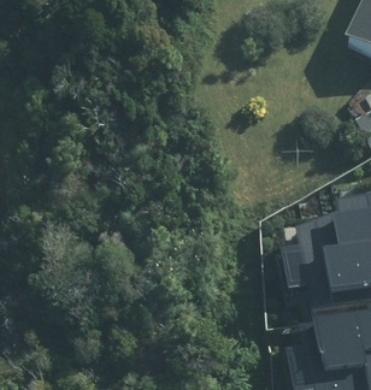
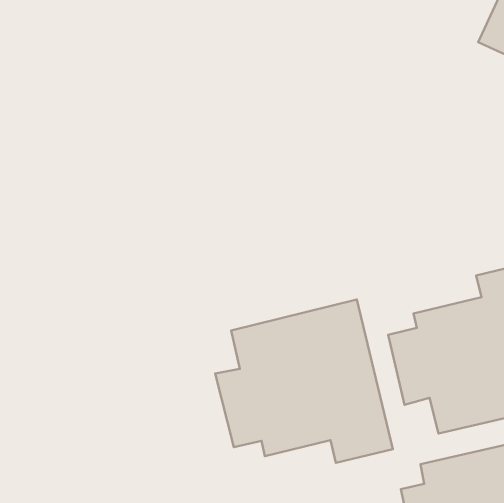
building: none -> [215,299,393,463]

